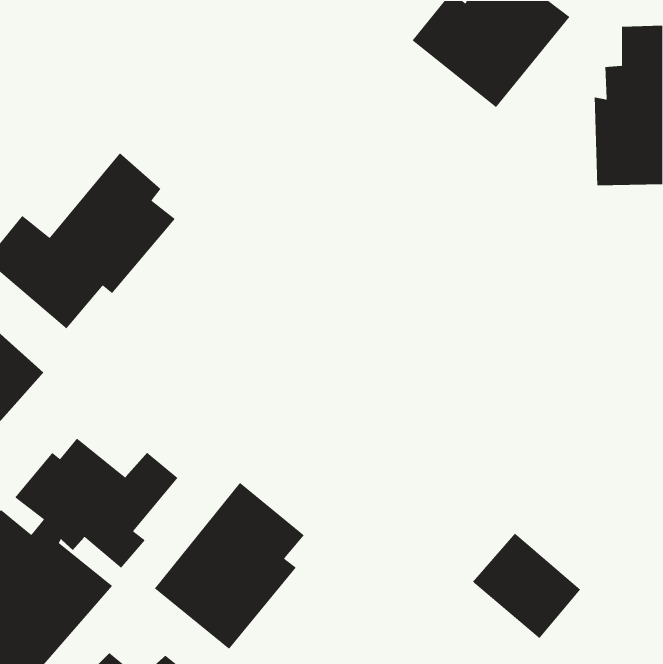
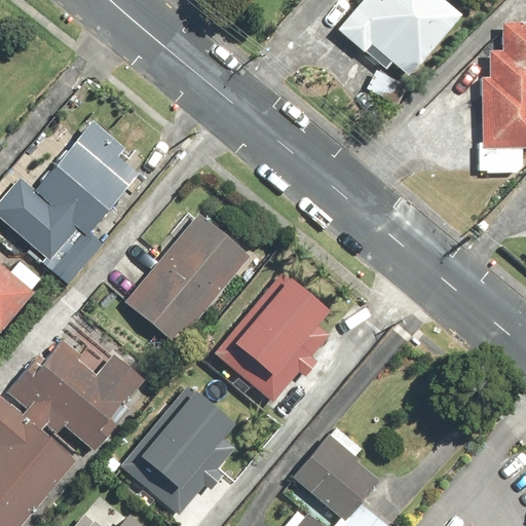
building: none -> [124,211,251,344]
building: none -> [215,267,336,403]
building: [472,532,581,639] -> [294,436,380,520]

